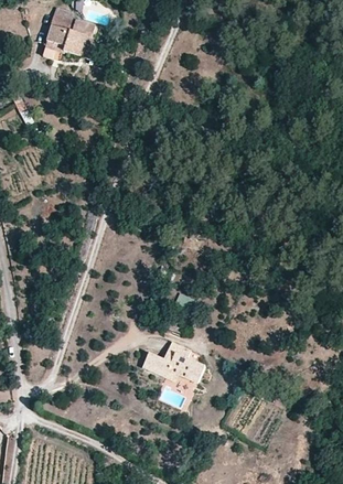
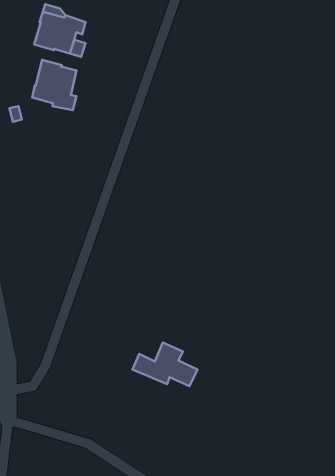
building: none -> [32,60,77,110]

